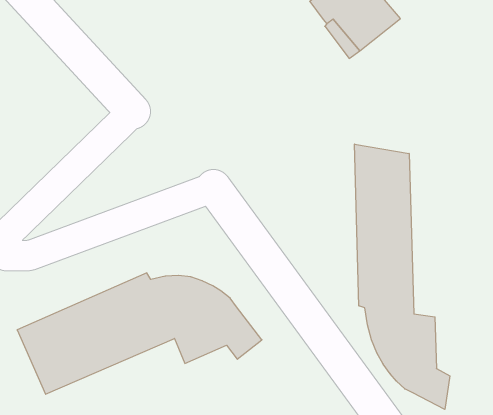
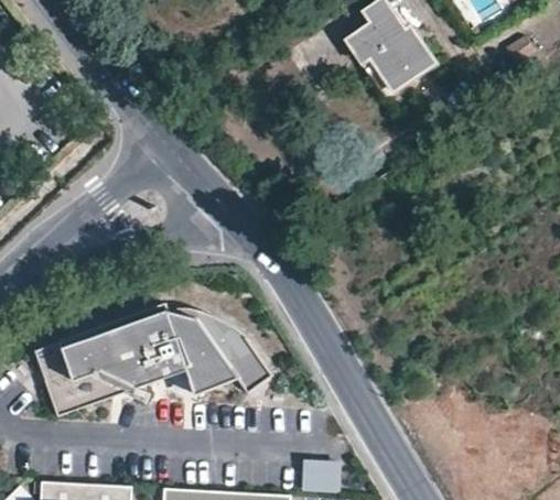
building: [355,144,450,409] -> none

